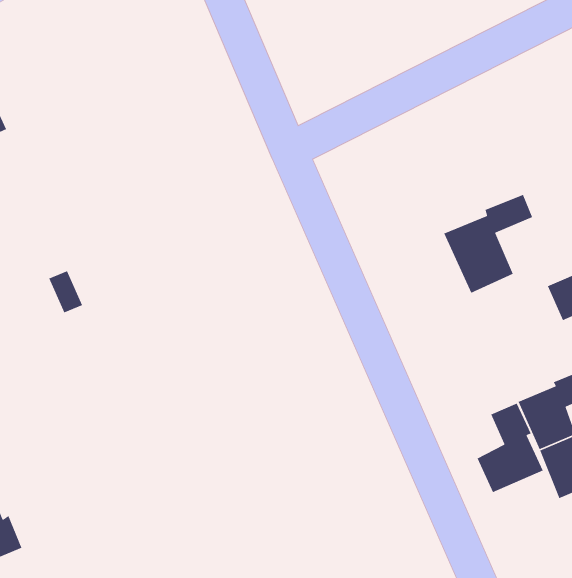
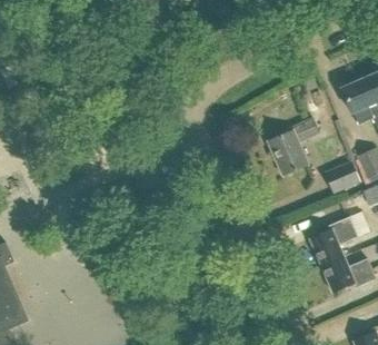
building: [476,403,544,493] -> none

